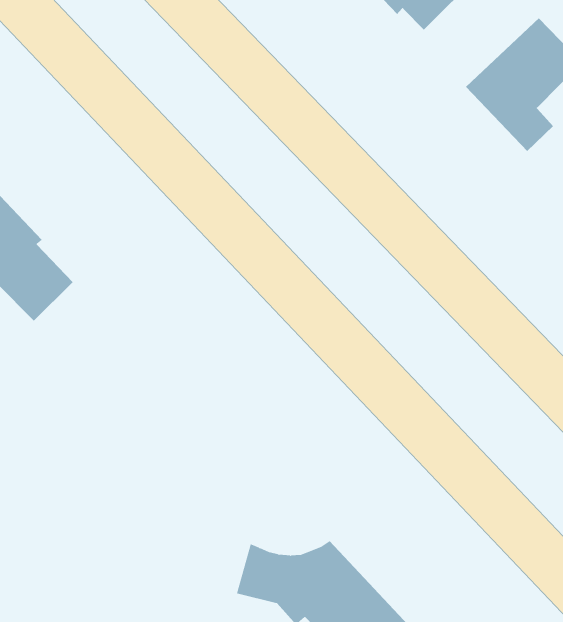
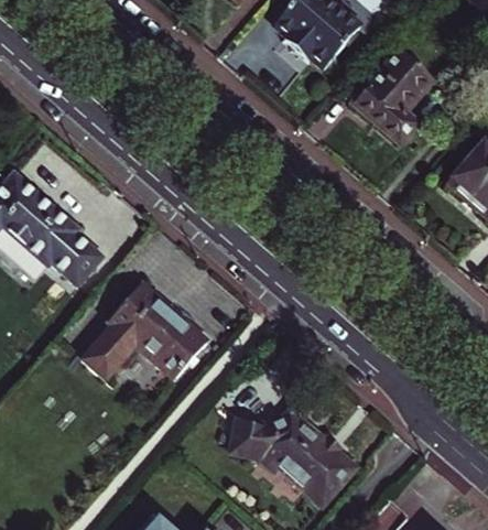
building: none -> [82,283,207,380]

